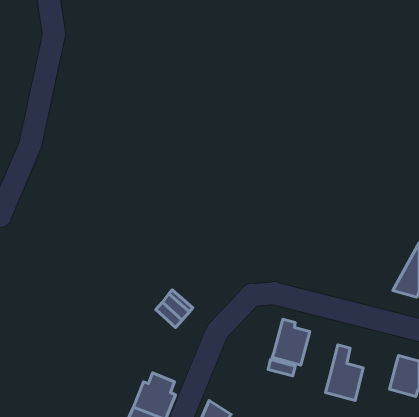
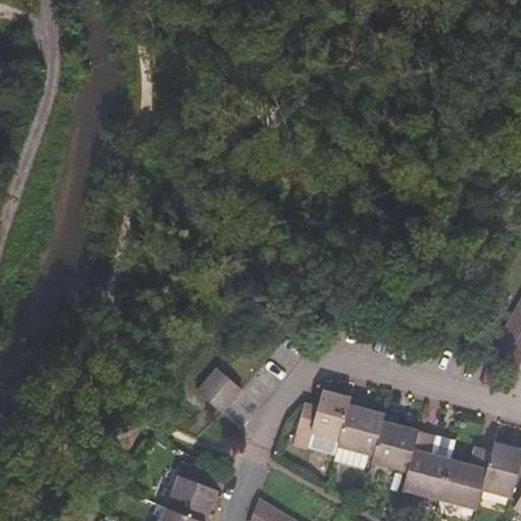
building: none -> [301,393,351,441]
building: none -> [372,414,419,474]
building: none -> [441,447,493,510]

